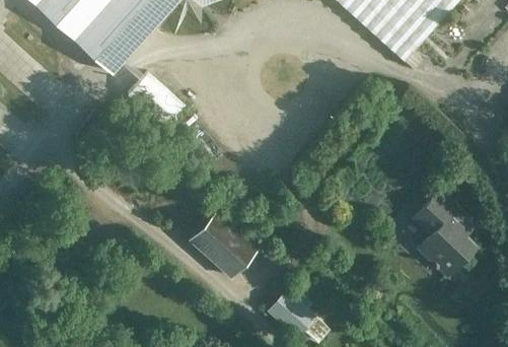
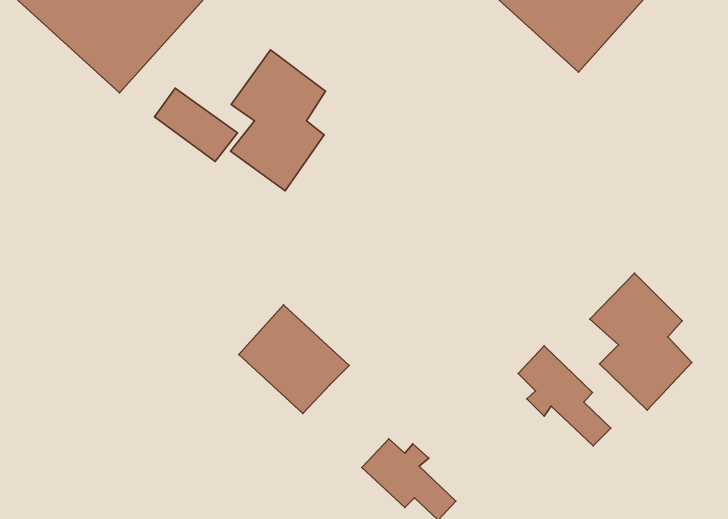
building: none -> [230,50,326,191]
building: none -> [518,346,611,446]

